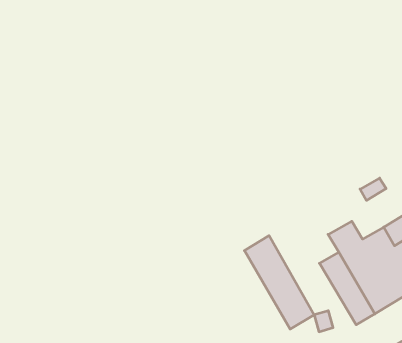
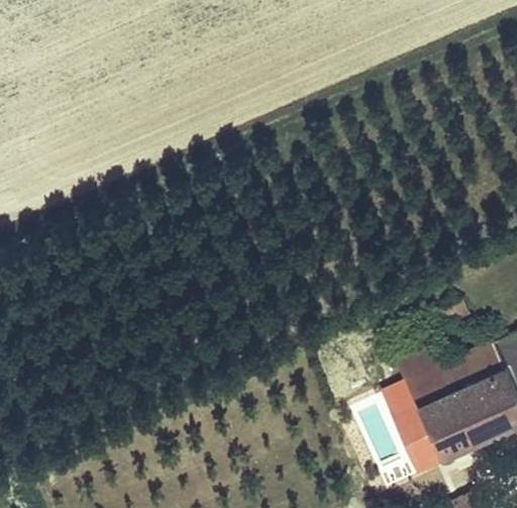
building: [244,236,314,329] -> none

